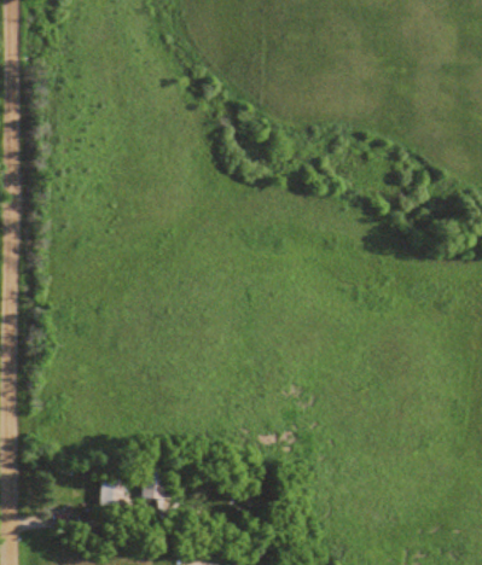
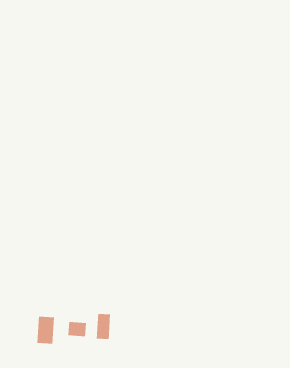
building: none -> [96,313,111,340]

